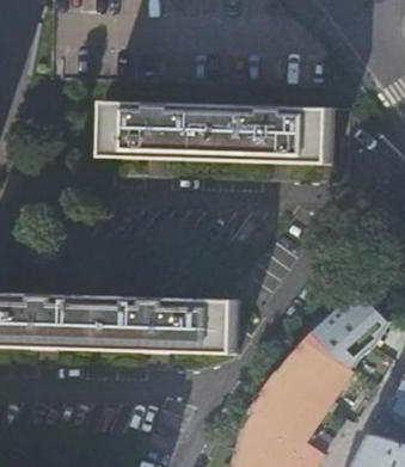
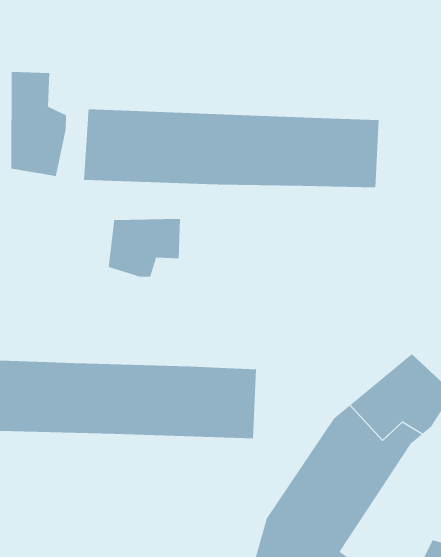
building: none -> [11,71,66,177]
building: none -> [108,218,180,278]

